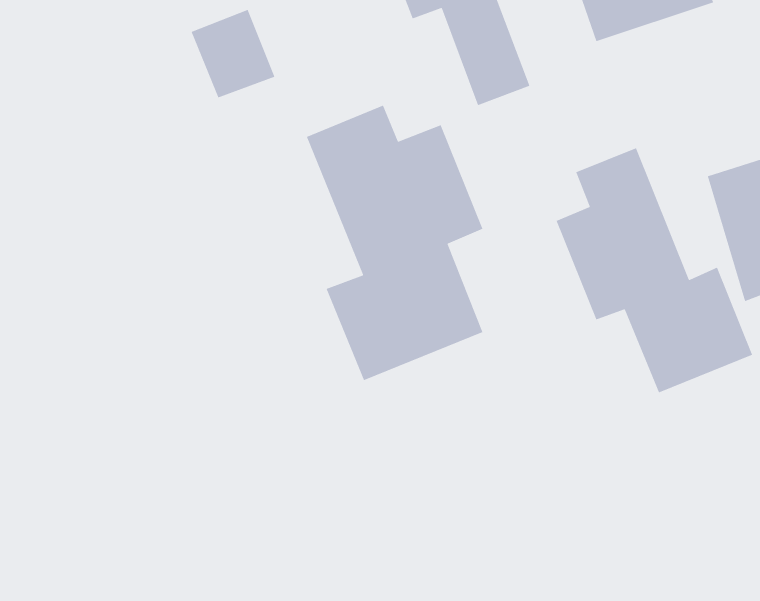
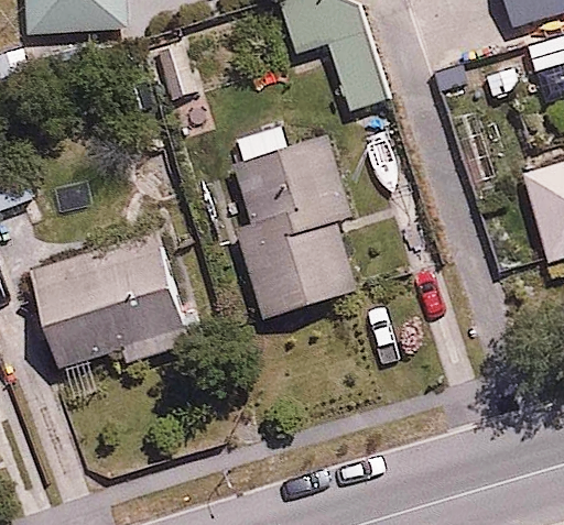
building: [556,147,753,393] -> none
building: none -> [30,228,199,367]

